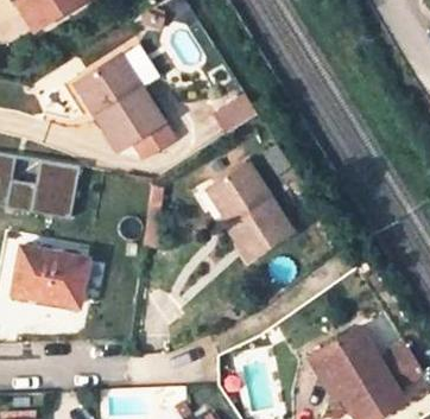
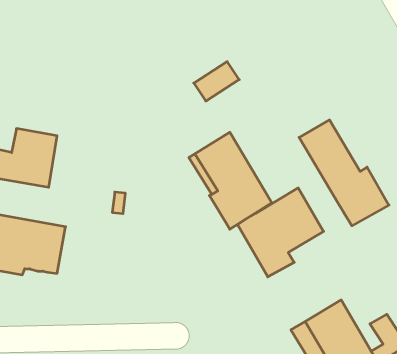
building: [82,55,172,153] -> none
building: none -> [299,120,389,226]
building: none -> [238,188,324,277]

